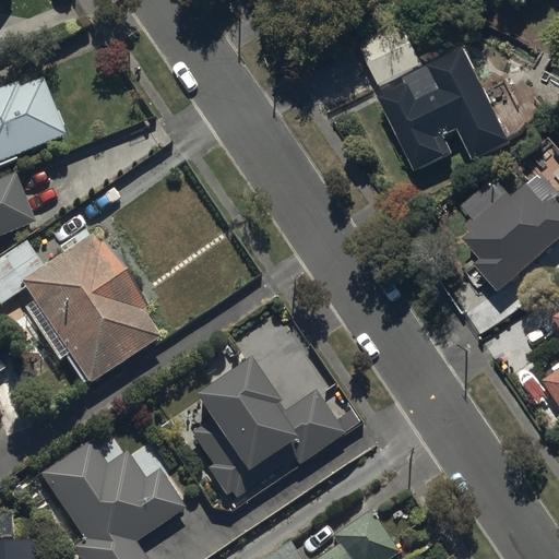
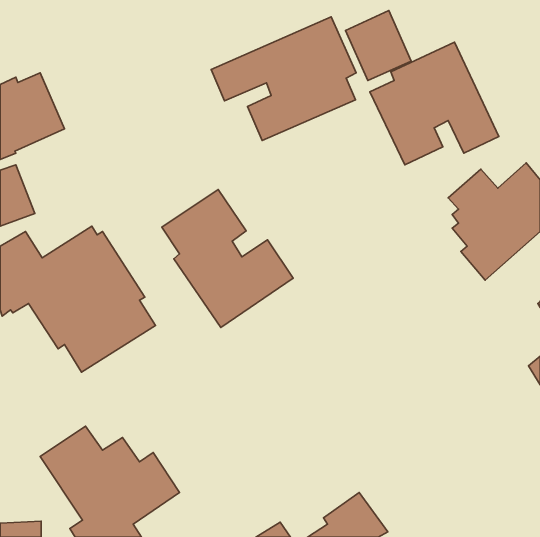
building: none -> [211,17,356,140]
building: none -> [162,189,293,327]
building: [188,357,346,497] -> none

